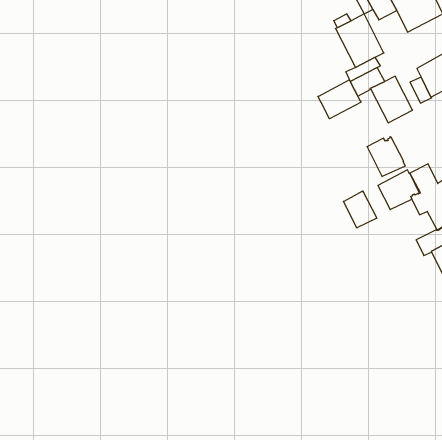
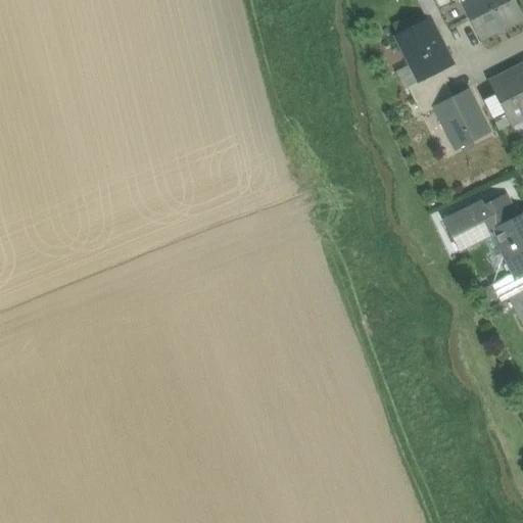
building: [318,80,361,119] -> none
building: [367,137,405,177] -> none
building: [343,191,377,228] -> none

